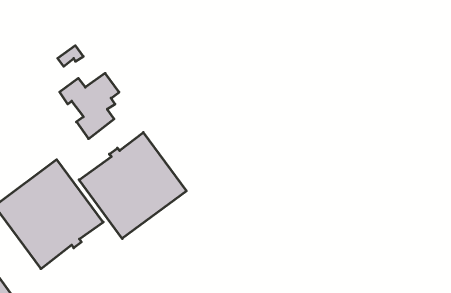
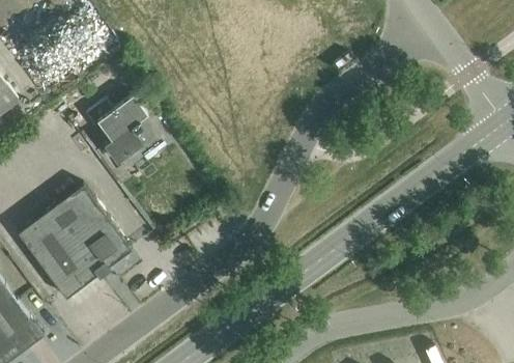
building: [79,132,186,239] -> none

